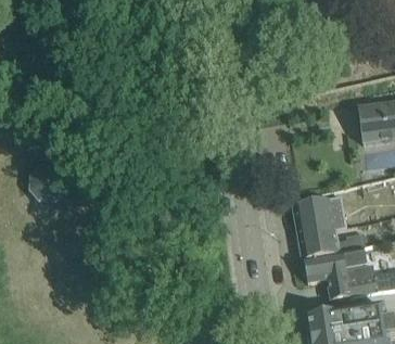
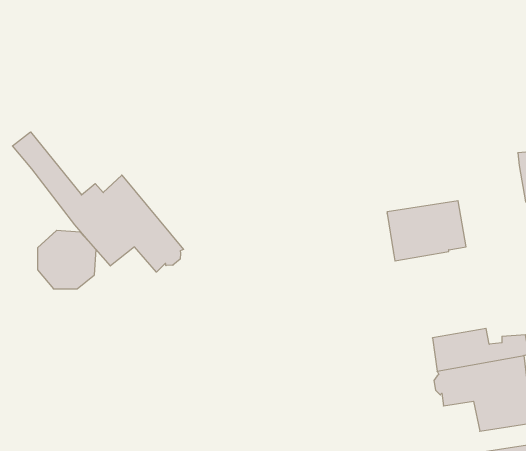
building: none -> [12,132,184,272]
building: [294,192,348,233] -> [387,201,466,261]

